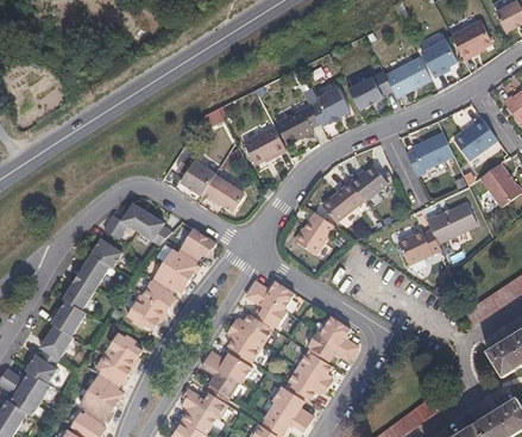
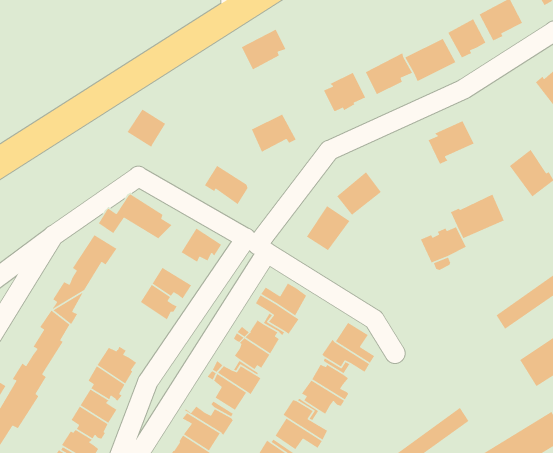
building: [276,106,317,144] -> [241,28,287,70]
building: [451,116,492,157] -> none
building: [176,160,213,195] -> [127,108,167,148]
building: [347,164,386,200] -> none
building: [162,254,199,283] -> none
building: [128,298,166,333] -> none

